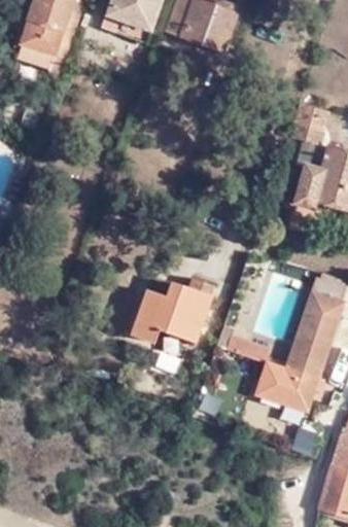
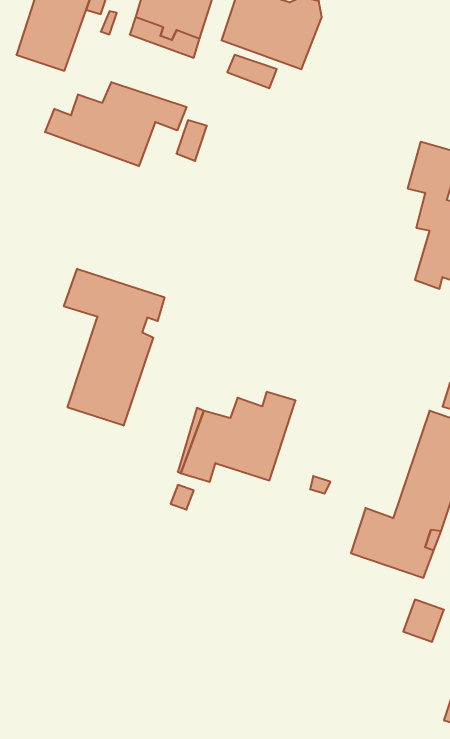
building: none -> [45,82,187,166]
building: none -> [64,269,164,426]

